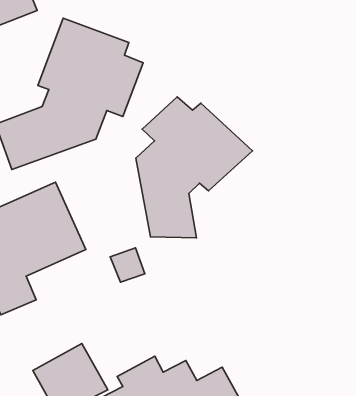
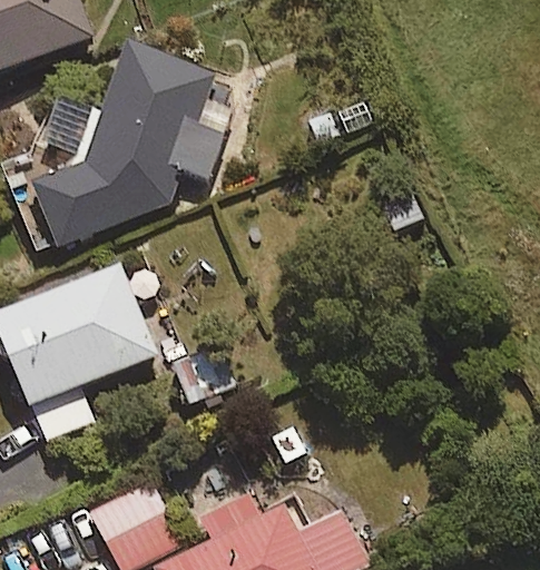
building: [136,97,252,238] -> none

